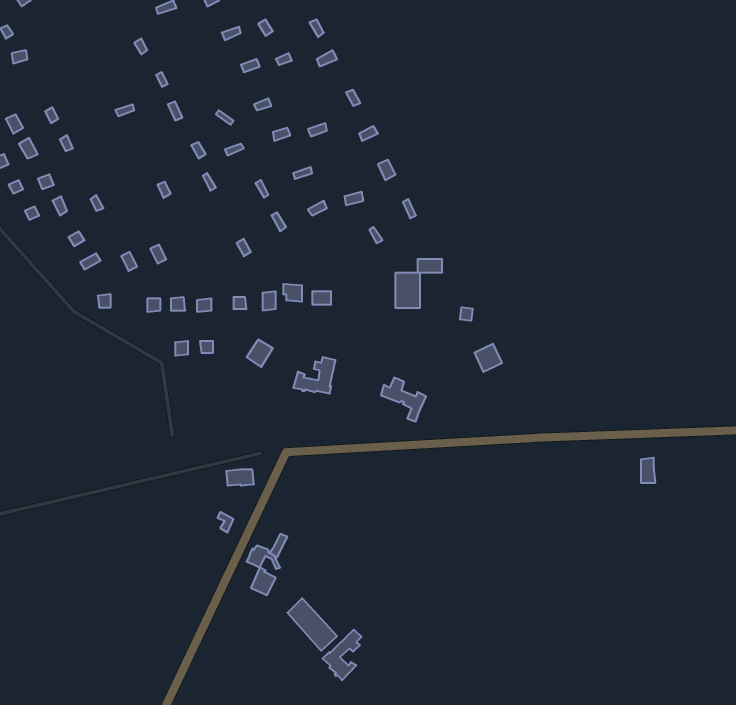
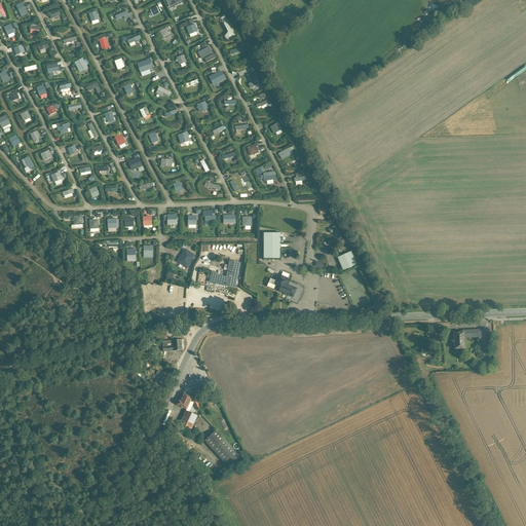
building: [395,273,420,308] -> [263,232,280,257]
building: [322,630,362,680] -> none

